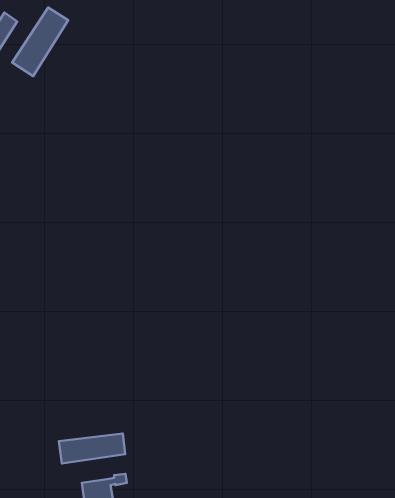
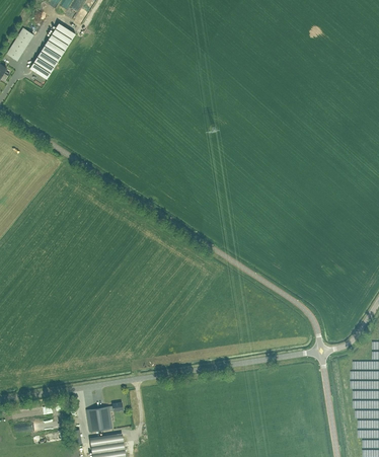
building: [59,434,125,463] -> none

